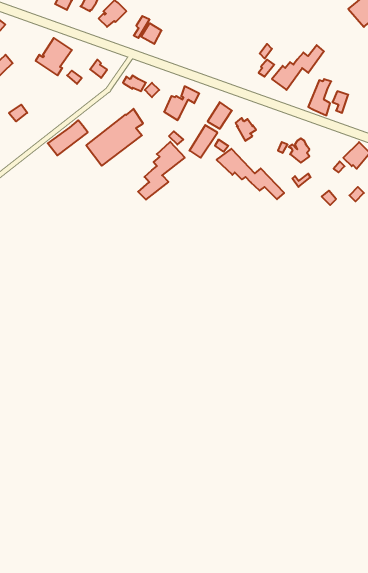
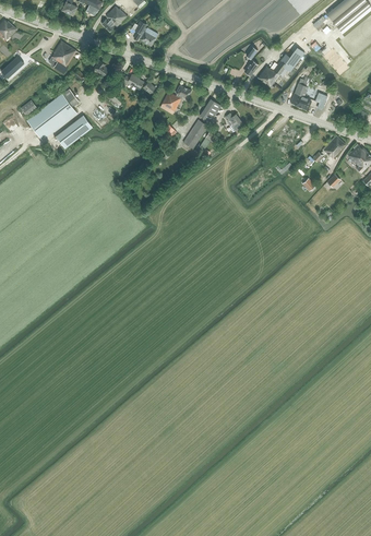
building: [86,109,143,166] -> [26,88,77,140]
building: [138,142,185,200] -> none
building: [217,149,284,199] -> none

